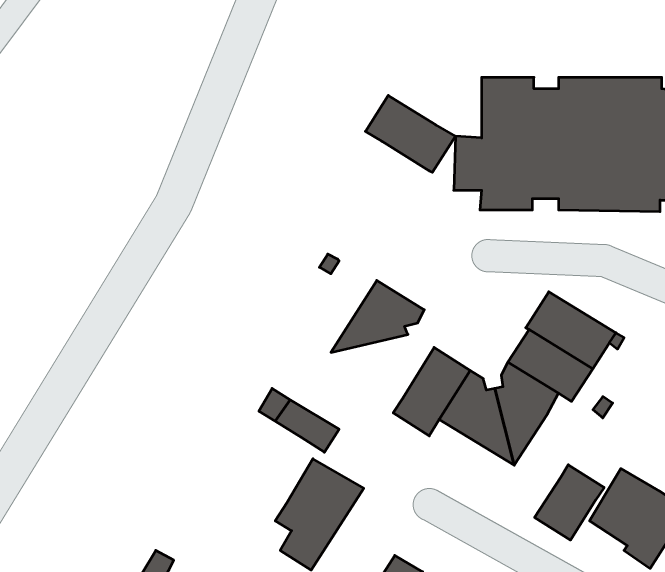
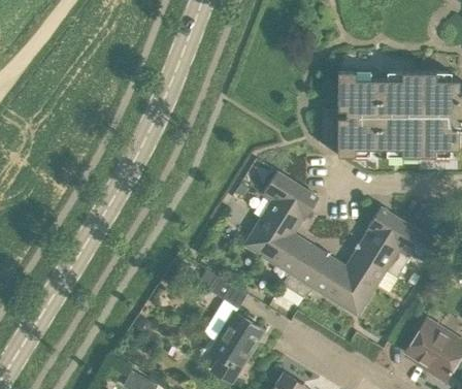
building: [365,95,455,172] -> [262,171,319,220]
building: none -> [243,234,308,274]
building: [535,465,604,540] -> none

